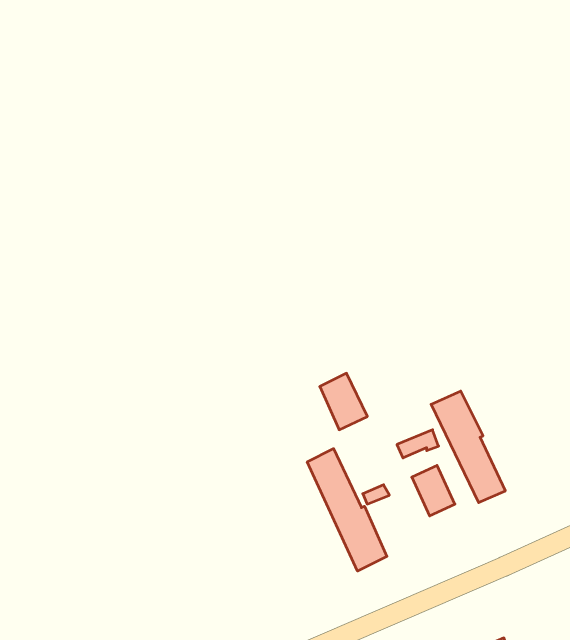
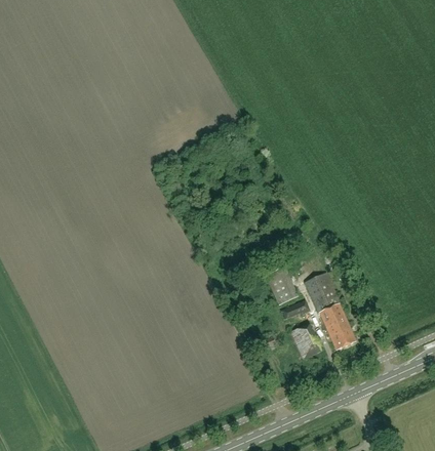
building: [320,373,367,430] -> [265,266,298,305]
building: [307,449,387,571] -> none

